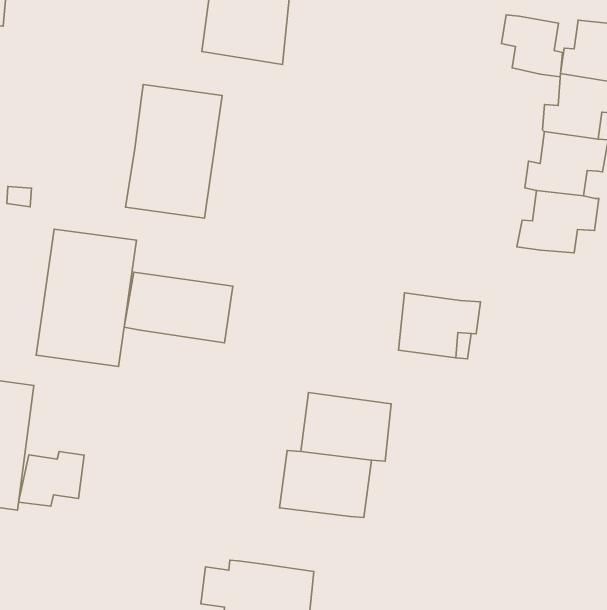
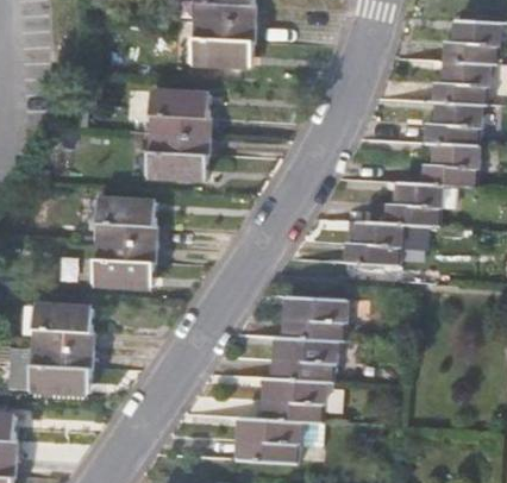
building: [501,15,563,77] -> none
building: none -> [387,183,440,226]
building: [124,272,233,343] -> none
building: [19,452,84,506] -> none
building: none -> [245,378,321,424]

